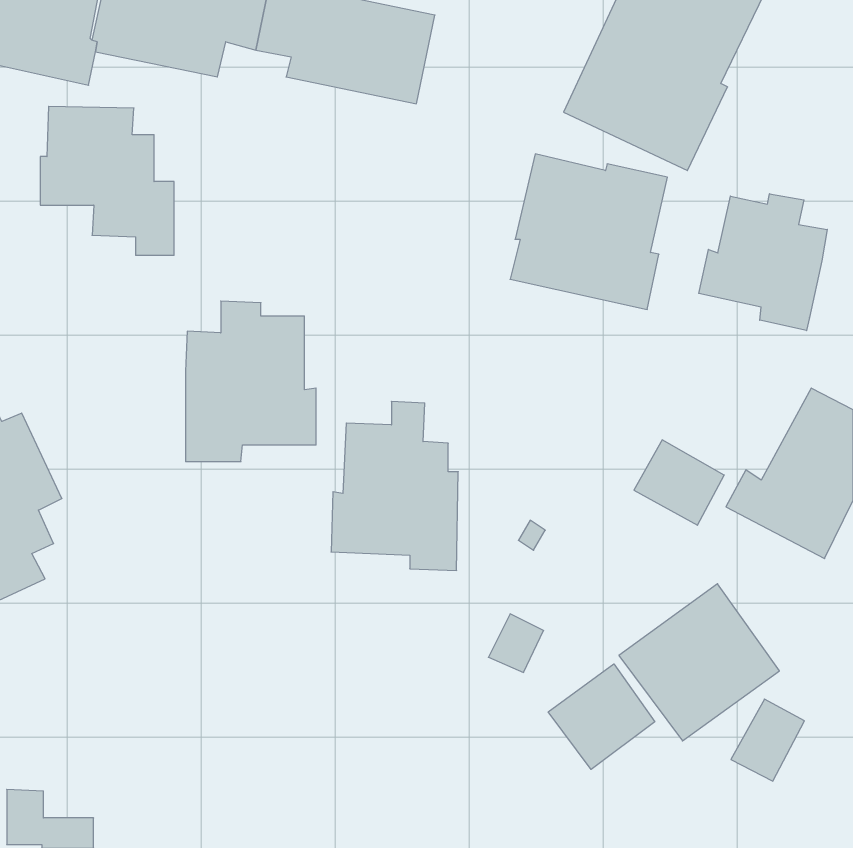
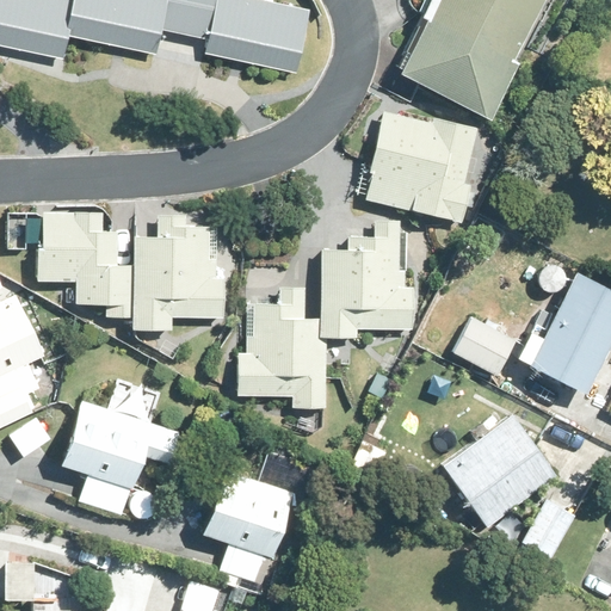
building: [40,106,174,255] -> [37,211,132,317]
building: [699,194,827,331] -> none
building: none -> [320,218,414,337]
building: none -> [60,382,180,517]
building: none -> [203,469,294,585]
building: [548,664,655,769] -> none

